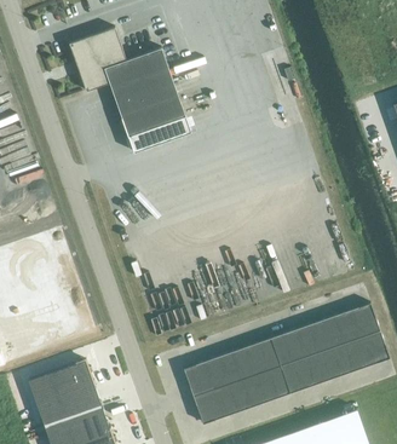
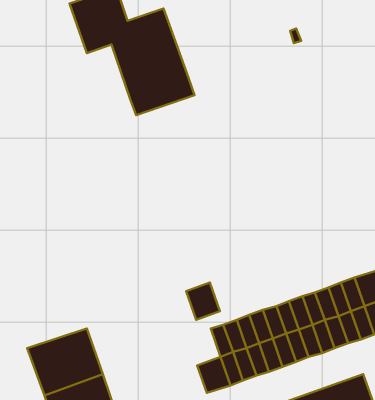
building: [184,362,217,398] -> [186,283,220,320]

